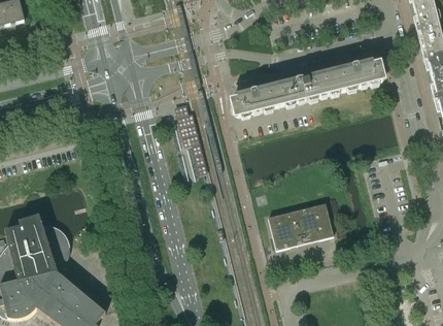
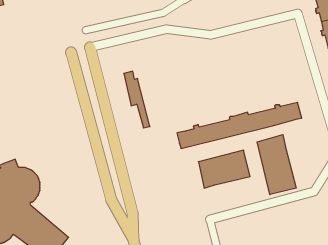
building: [229,59,385,117] -> [177,102,302,149]
building: none -> [257,135,296,195]

